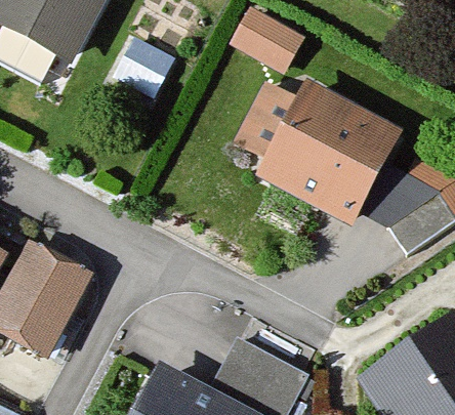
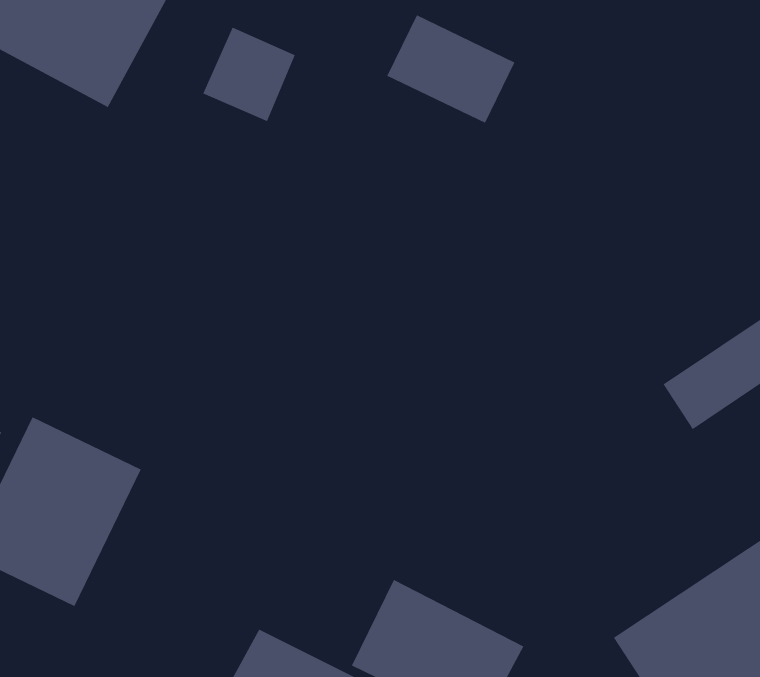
building: [252,80,399,224] -> none

